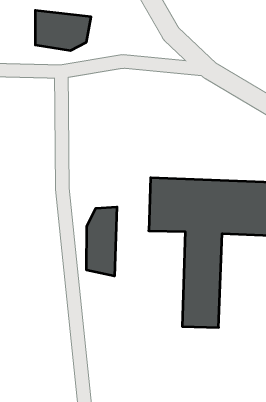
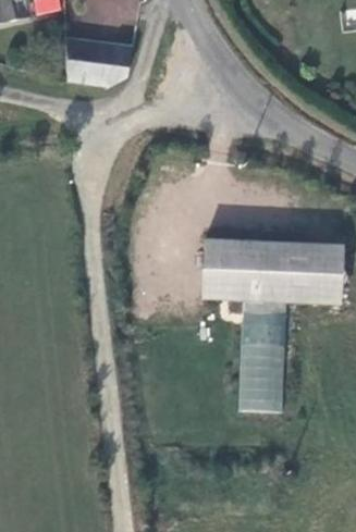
building: [87,207,117,276] -> none

